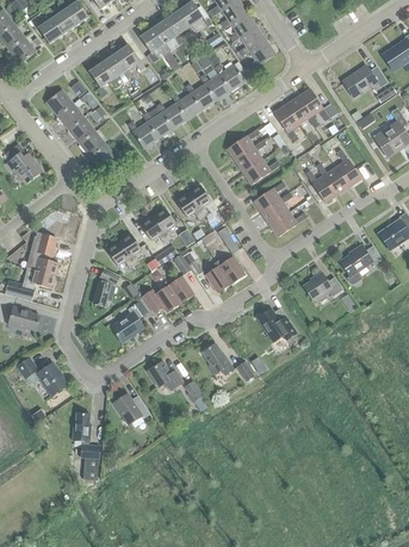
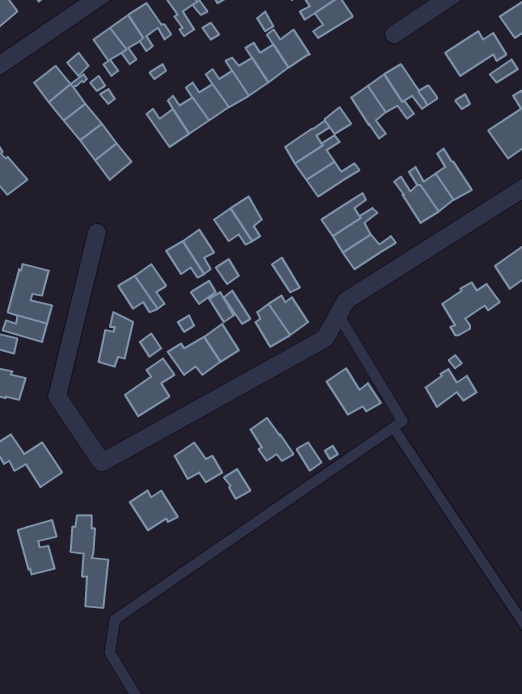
building: [304,273,341,300] -> [425,369,477,407]
building: none -> [18,520,56,575]

